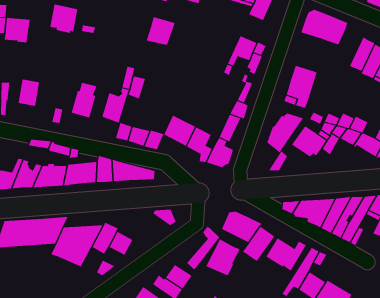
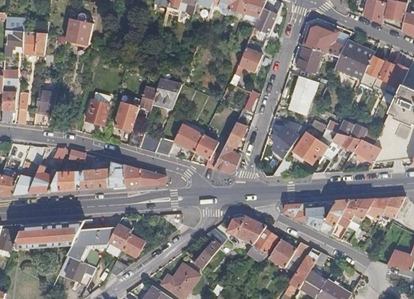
building: [145,17,176,49] -> [151,78,180,109]
building: none -> [332,41,361,76]
building: none -> [295,44,321,72]
building: [206,239,240,276] -> none
building: none -> [65,256,95,280]

